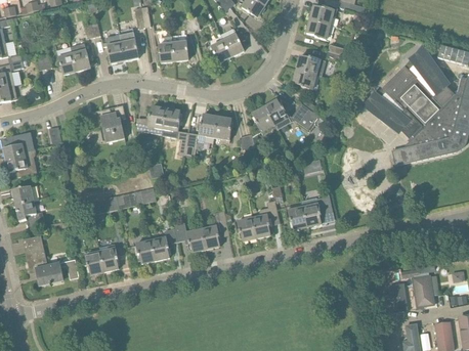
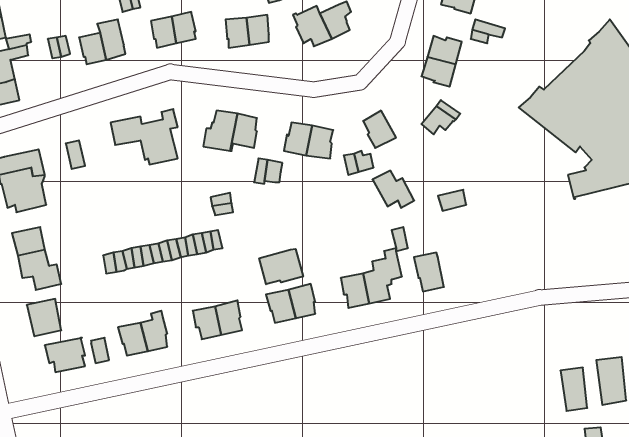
building: [265,99,294,125] -> [372,171,414,208]
building: [304,195,332,226] -> none
building: none -> [259,249,303,284]

